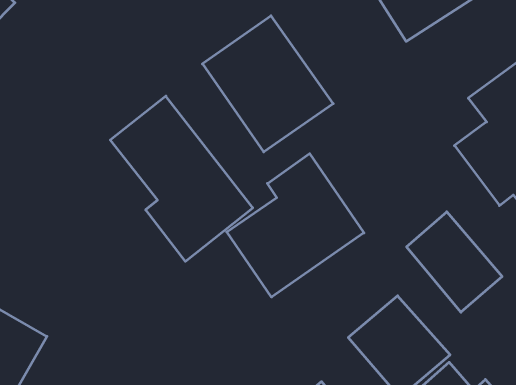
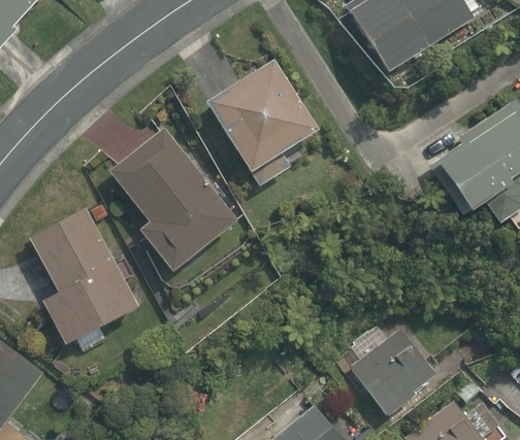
building: [227,154,364,297] -> none
building: none -> [24,203,141,352]
building: [407,212,502,312] -> none

